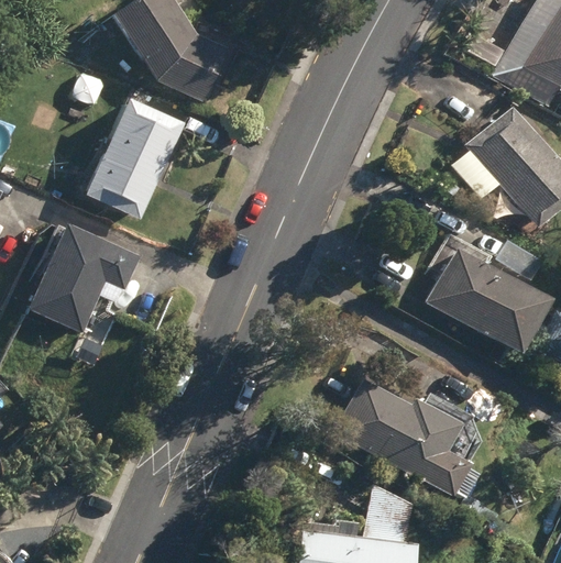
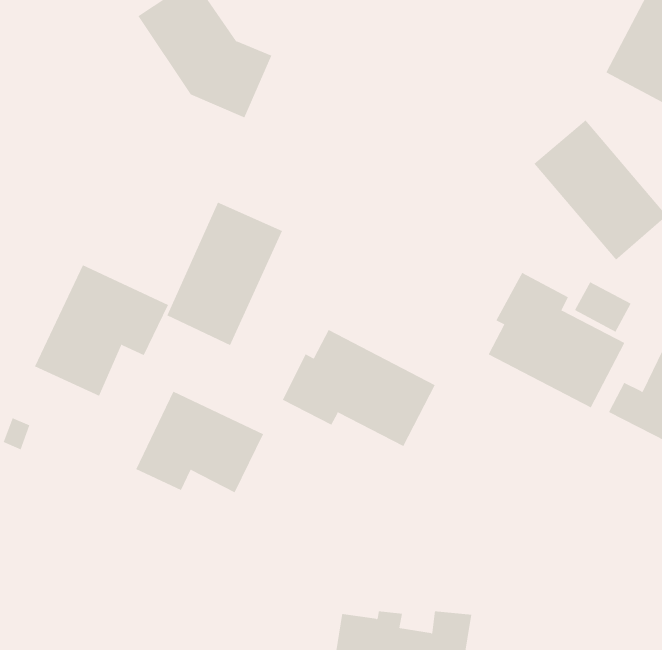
building: [91,99,189,220] -> [166,202,283,346]
building: none -> [282,329,436,447]
building: none -> [135,391,264,493]
building: [321,375,466,488] -> none

